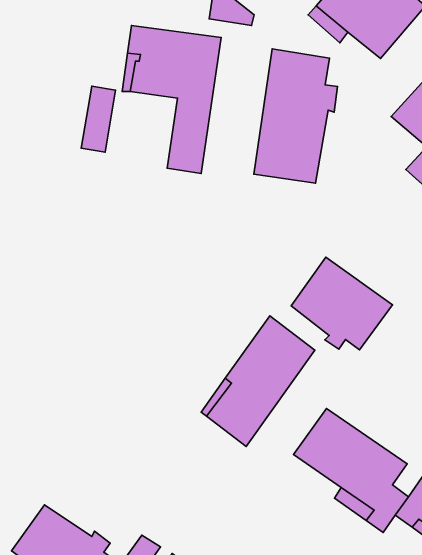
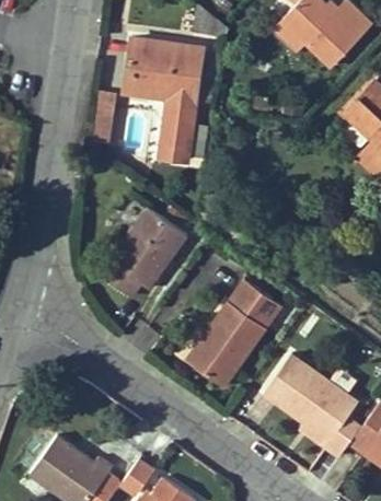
building: [254,49,338,183] -> none
building: none -> [101,210,188,298]
building: [291,257,393,350] -> none

